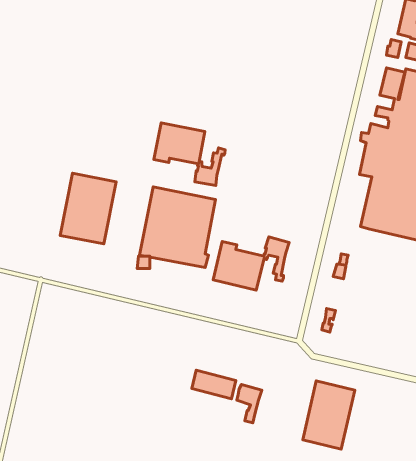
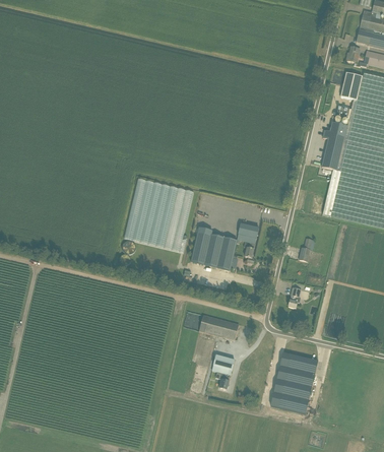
building: [154,123,225,185] -> none
building: [60,173,116,244] -> none
building: [192,370,236,399] -> [200,314,240,339]

